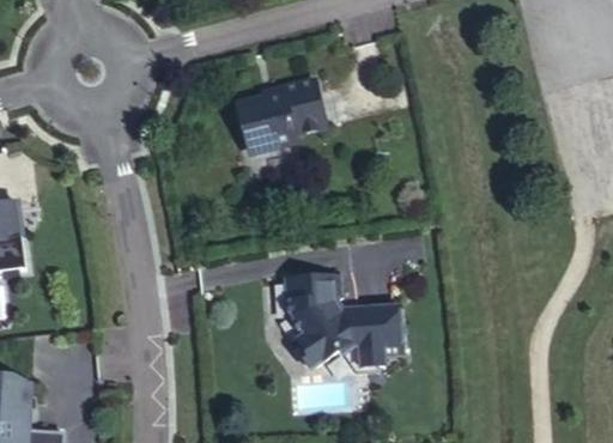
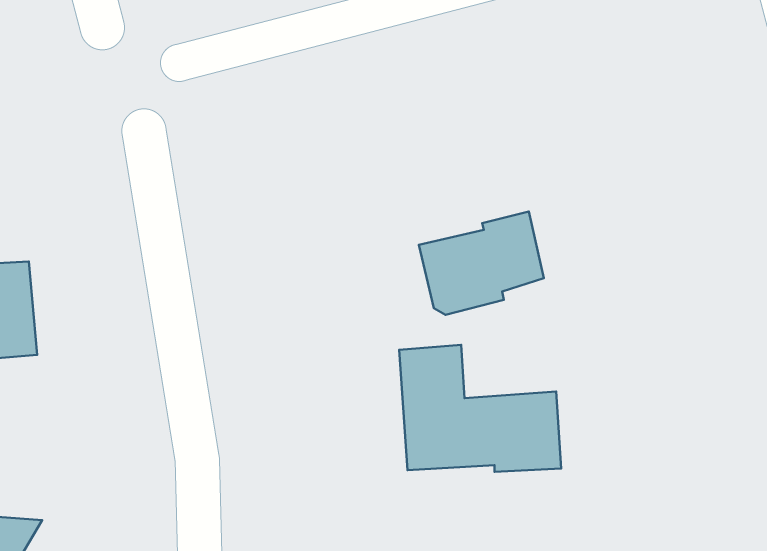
building: [236,81,326,156] -> [419,211,544,315]

